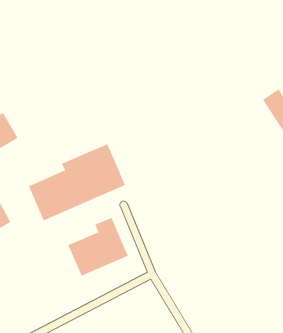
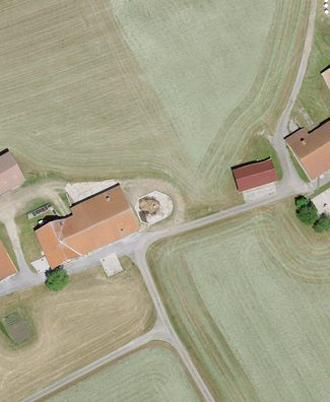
building: none -> [233,158,279,190]
building: [67,217,129,277] -> none

